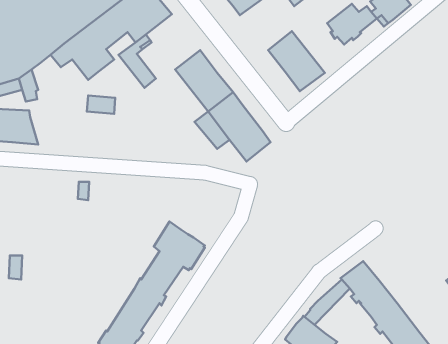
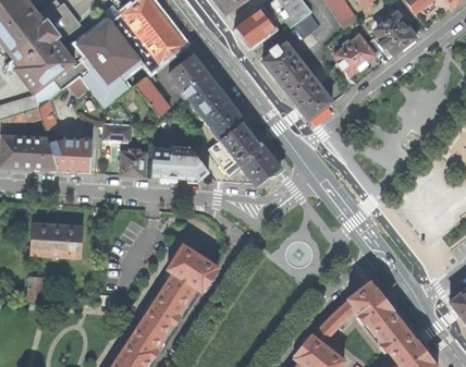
building: none -> [262,44,301,81]
building: none -> [169,54,212,99]
building: none -> [49,139,93,172]
building: none -> [151,148,206,180]
building: none -> [120,150,146,176]
building: none -> [32,224,82,258]

